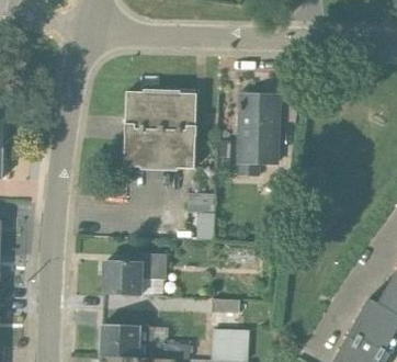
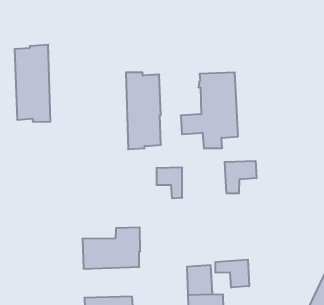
building: [124,89,162,170] -> [14,45,50,122]
building: none -> [225,161,256,193]
building: none -> [216,260,249,288]

